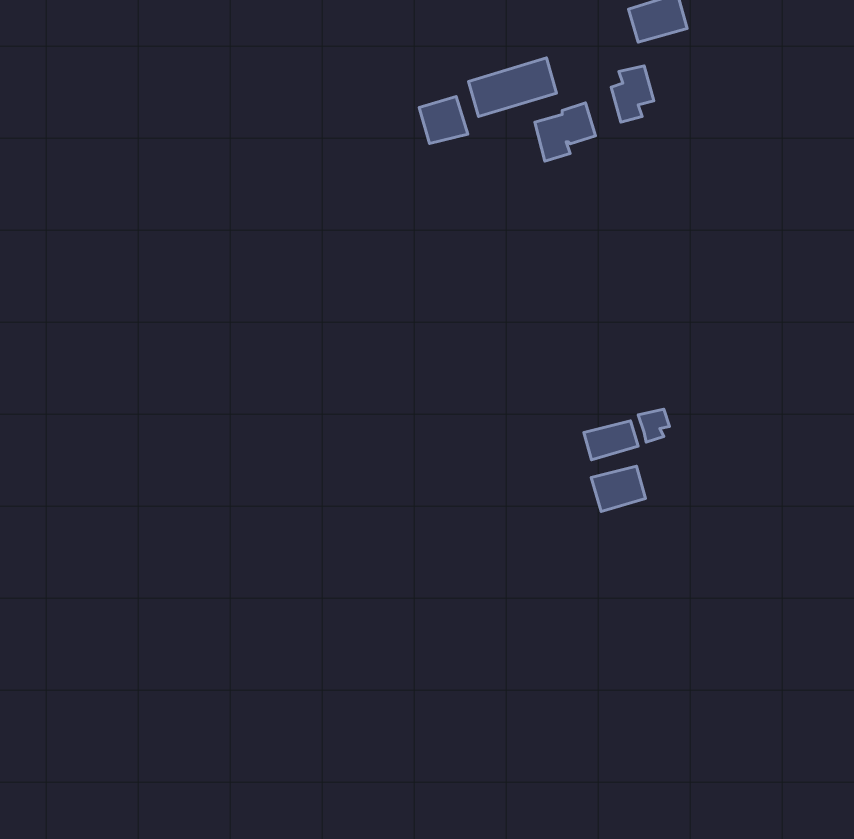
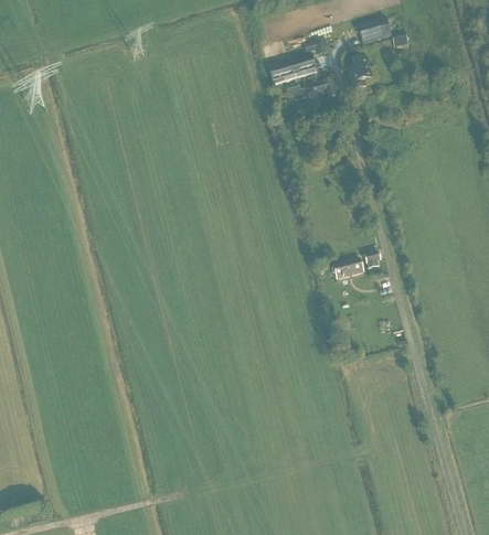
building: [419,97,468,144] -> none
building: [591,466,646,511] -> none

